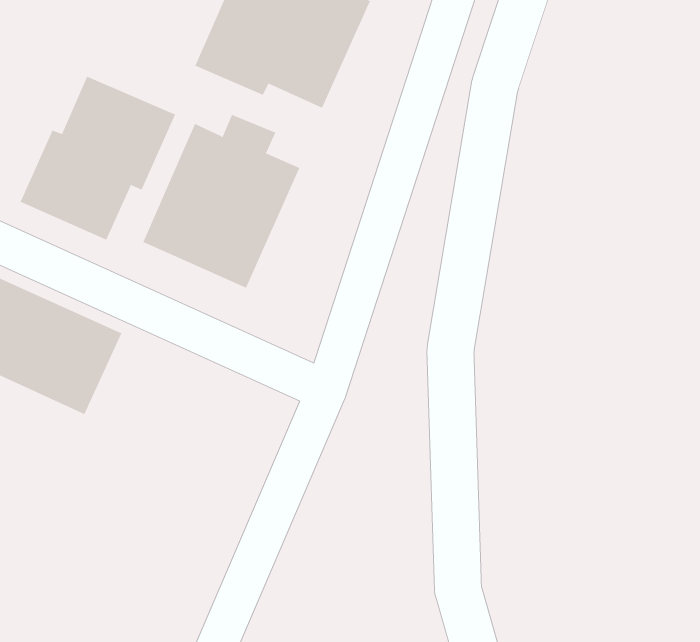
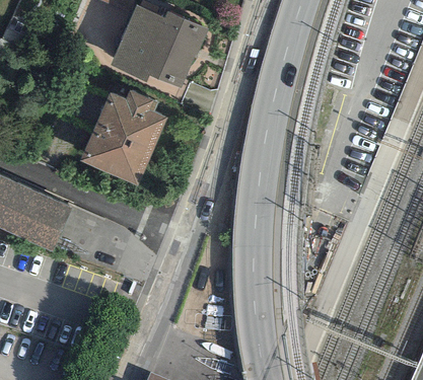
building: [20,76,176,240] -> none

